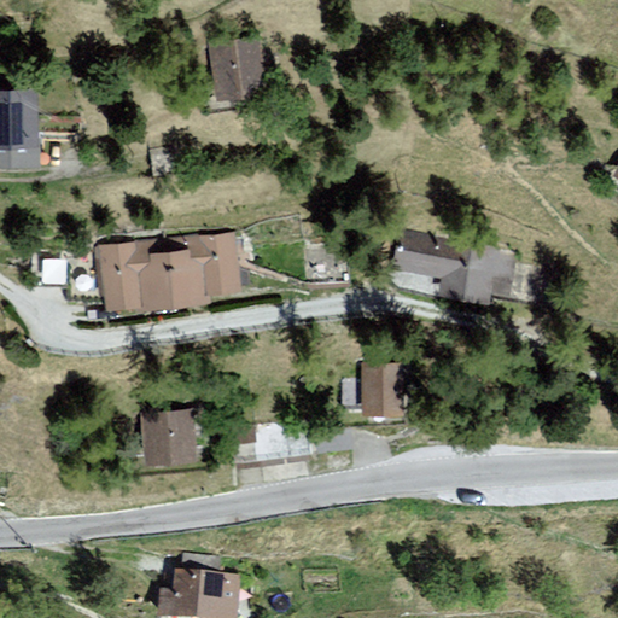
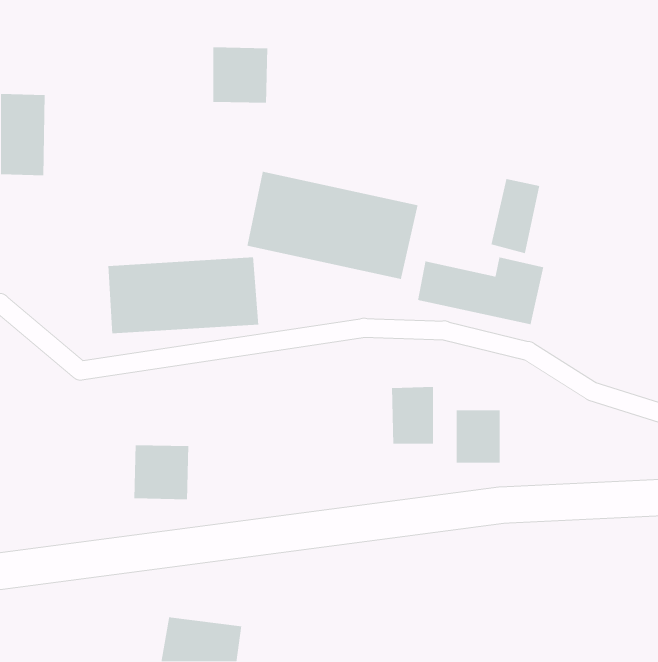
building: none -> [246,171,419,280]
building: none -> [490,178,540,254]
building: none -> [456,410,500,463]

